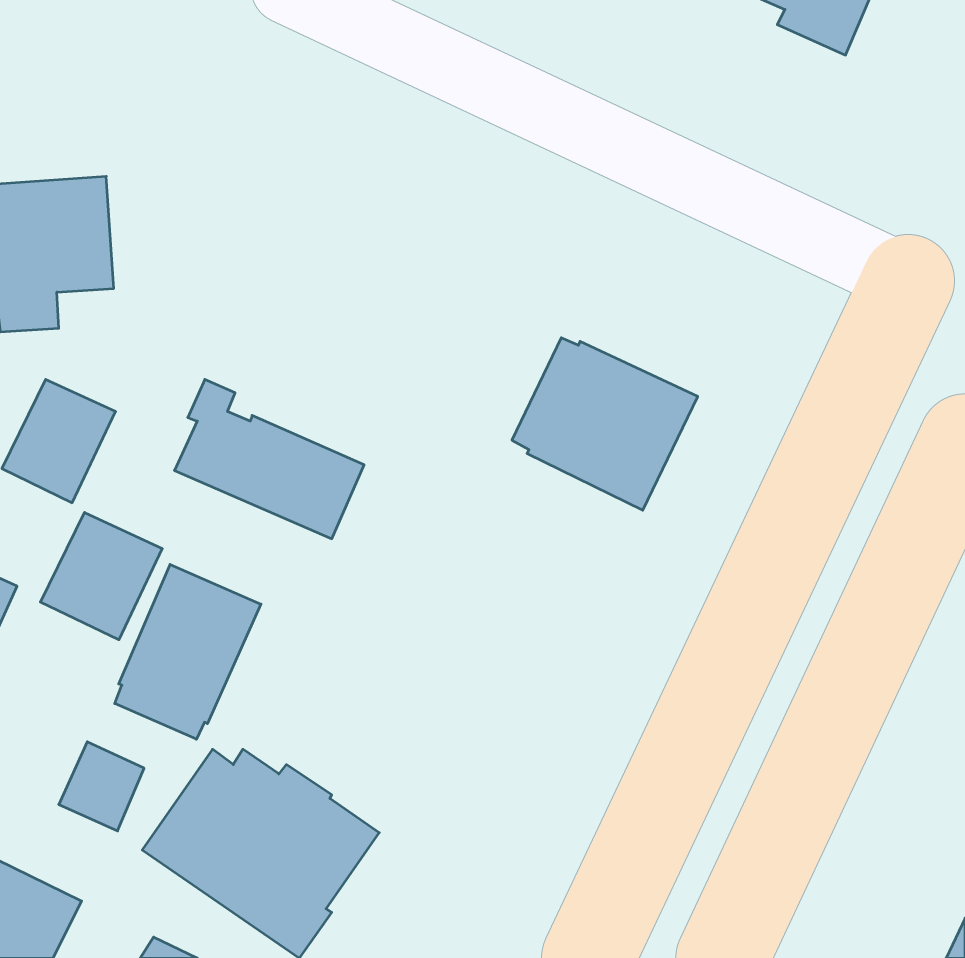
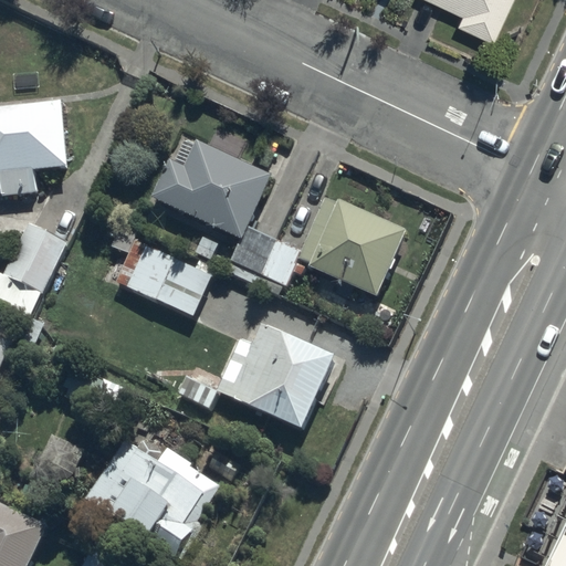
building: none -> [150,139,300,293]
building: [40,512,162,640] -> none
building: none -> [177,324,334,429]
building: [115,564,261,739] -> none

